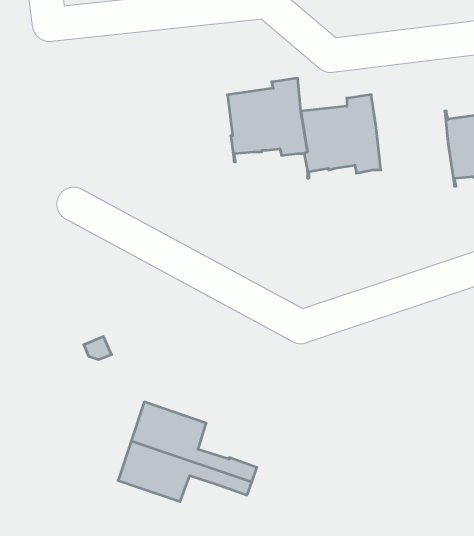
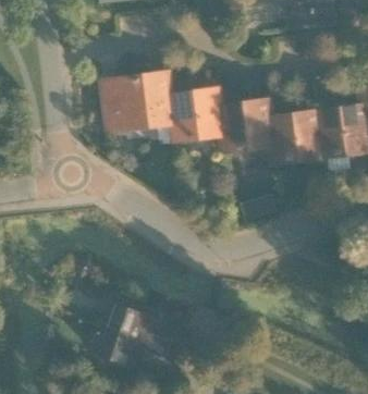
building: none -> [103,70,175,132]
building: none -> [271,108,323,164]

